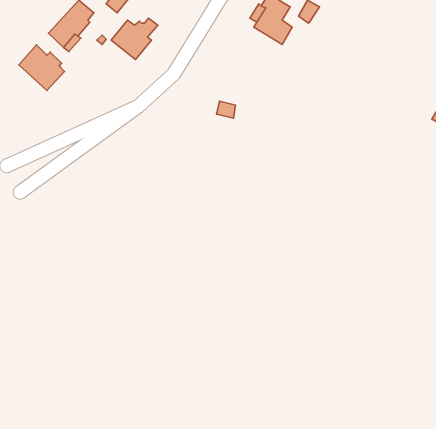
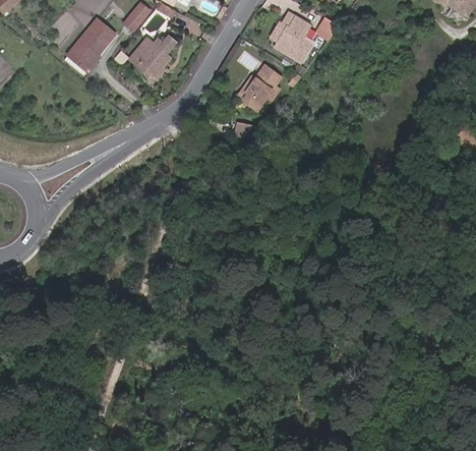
building: [19,45,65,91] -> none
building: none -> [247,66,282,104]

